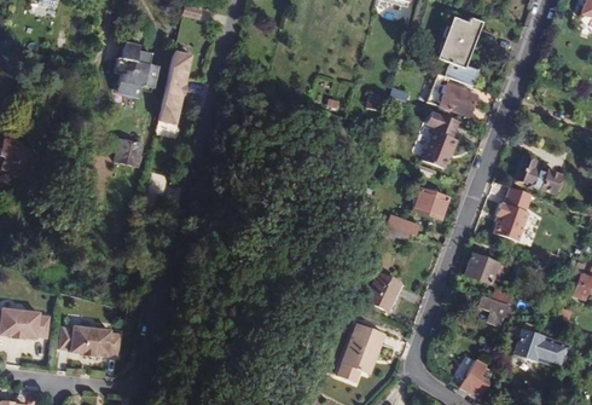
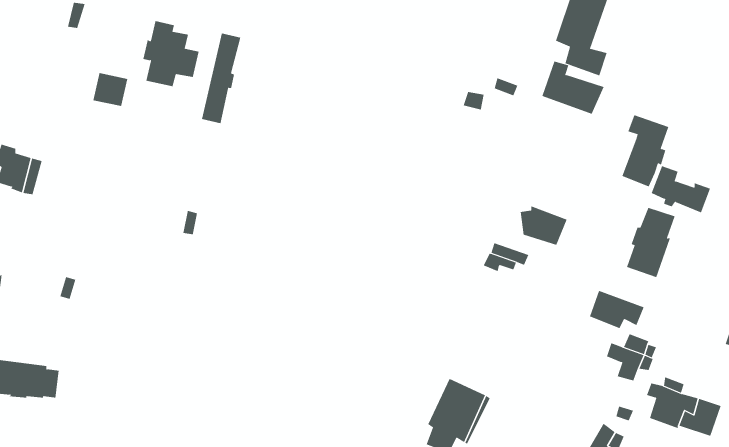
building: [420,111,458,168] -> [622,115,669,187]
building: [114,139,141,166] -> [93,73,128,107]
building: [364,273,400,311] -> none
building: [59,326,120,357] -> none

